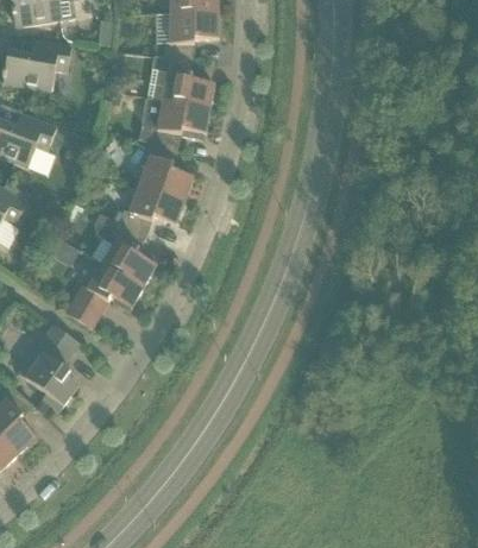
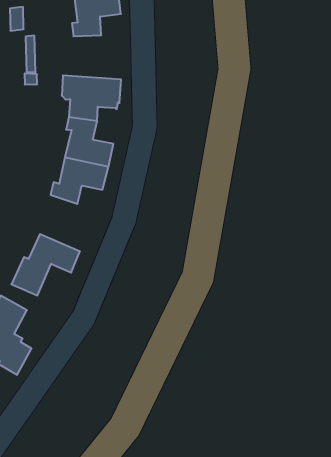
building: [147,55,214,108] -> none
building: [95,212,159,286] -> none

